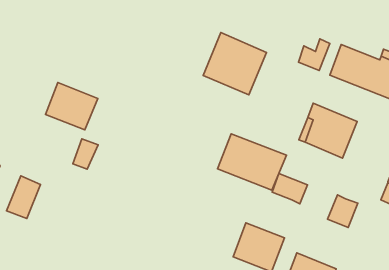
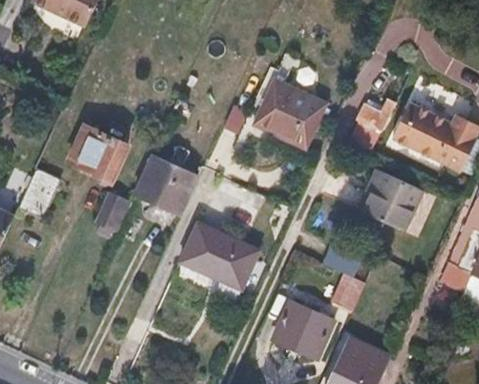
building: none -> [133,158,197,217]
building: [217,134,287,190] -> [177,225,257,292]
building: [6,176,41,218] -> [18,166,59,215]
building: [327,195,358,227] -> [331,275,367,313]

